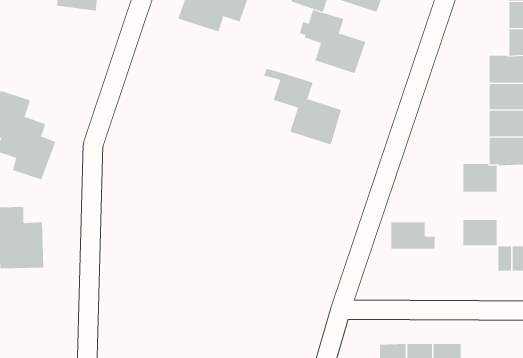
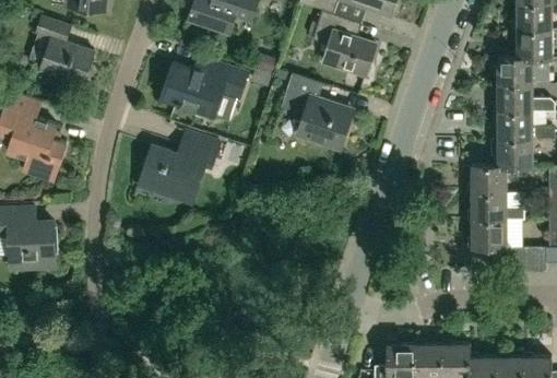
building: none -> [29,14,94,85]
building: none -> [162,63,248,117]
building: none -> [139,132,220,203]
building: [390,222,435,249] -> [472,193,517,221]

